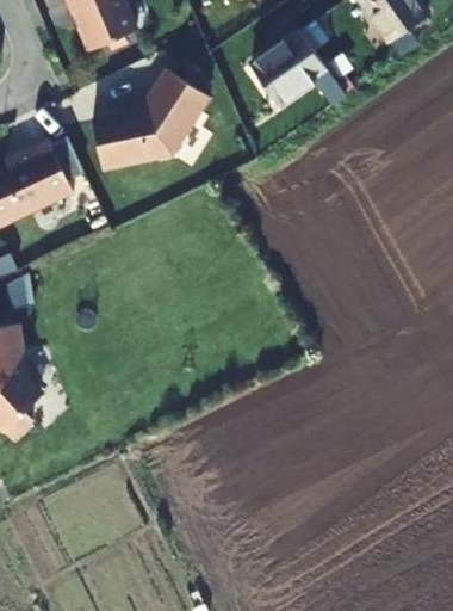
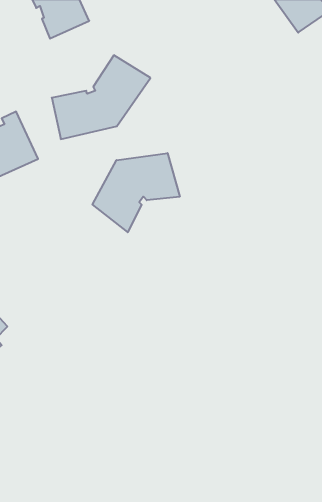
building: [253,31,346,105] -> none
building: none -> [92,153,180,232]

